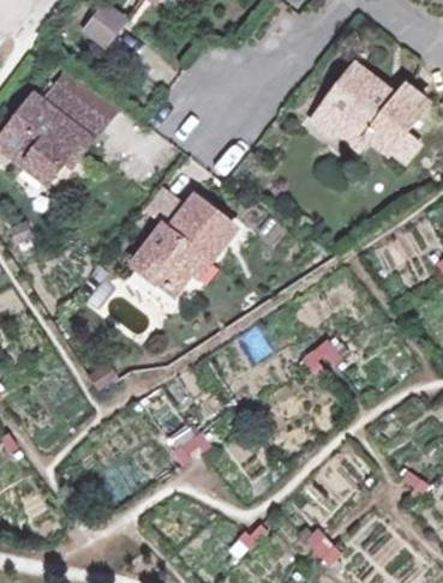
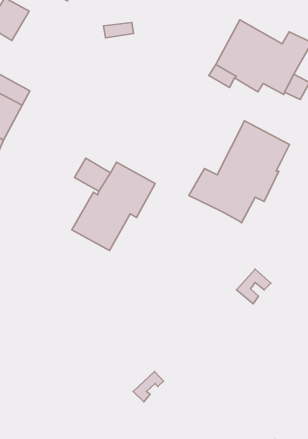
building: none -> [189,121,289,223]

